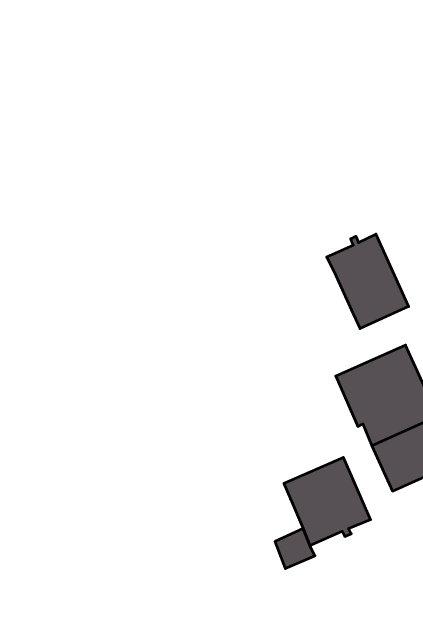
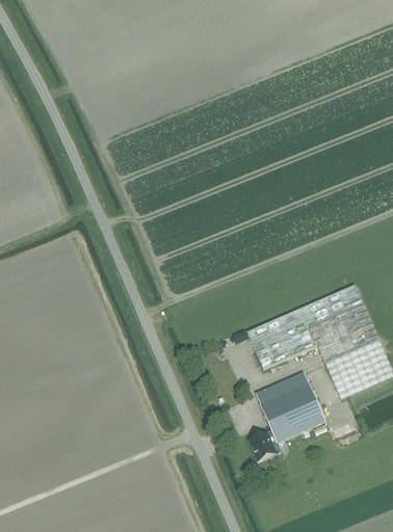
building: [327,234,409,329] -> none
building: none -> [246,308,315,371]

